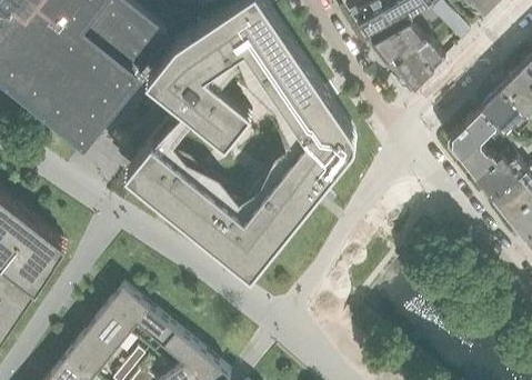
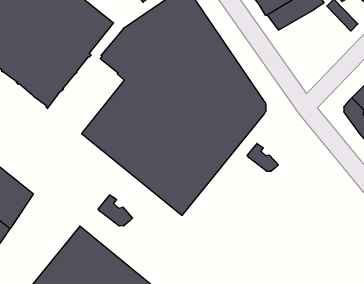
building: [371,19,444,93] -> none
building: none -> [247,143,278,171]
building: none -> [98,195,133,226]

